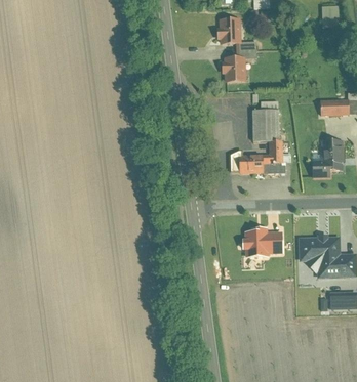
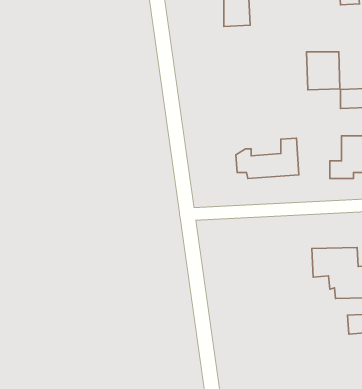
building: [223,56,248,83] -> none
building: [252,109,281,141] -> [307,52,340,90]
building: [237,226,280,257] -> none

